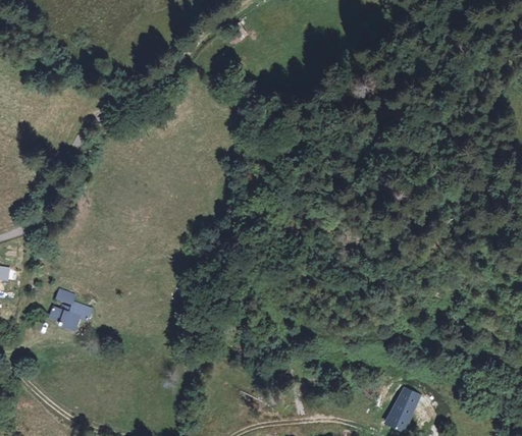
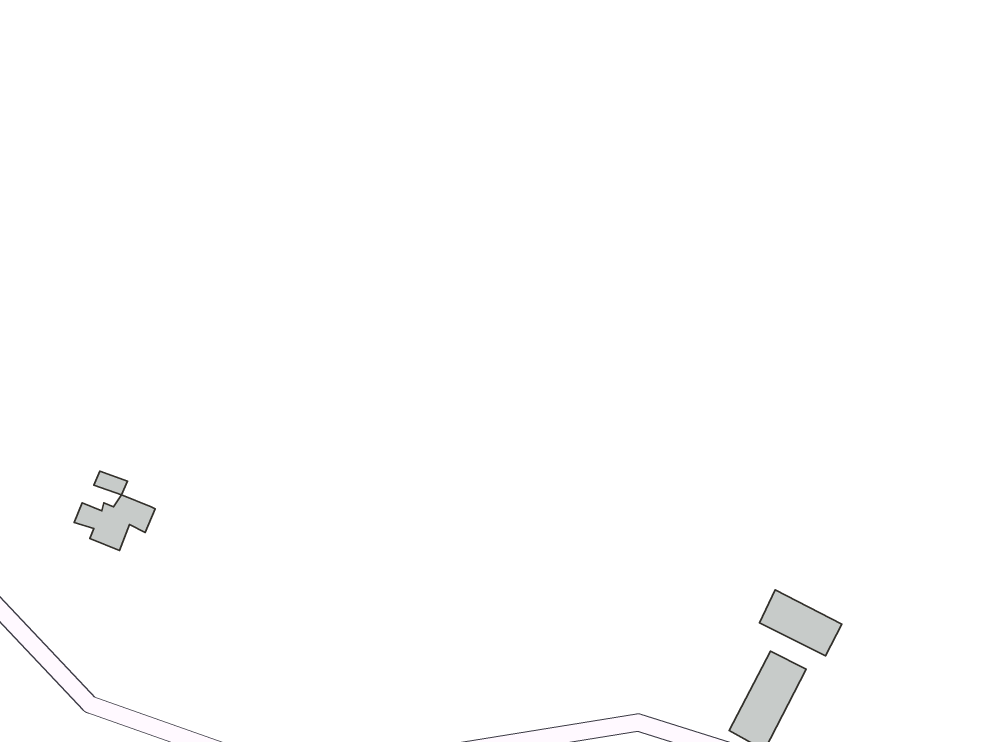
building: none -> [760,590,842,656]

